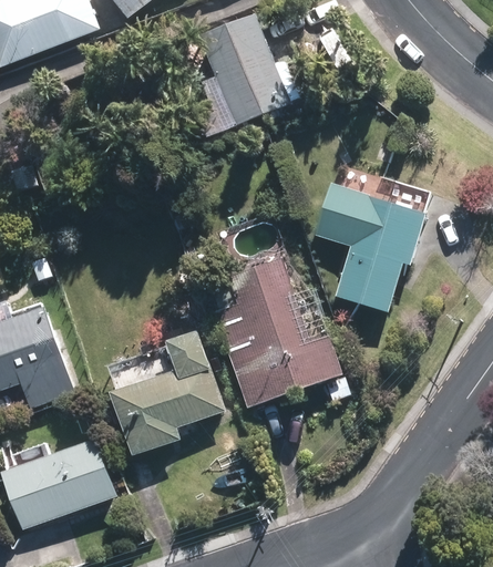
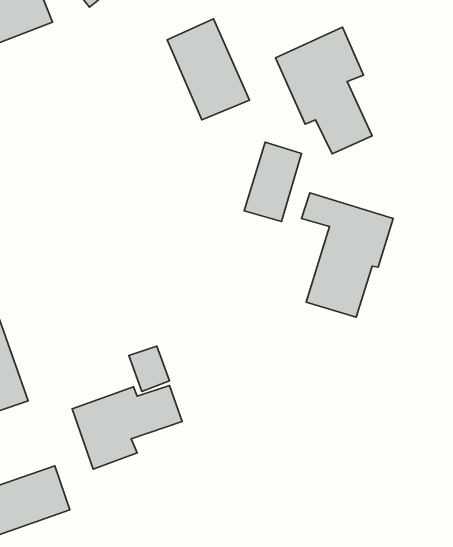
building: none -> [276,27,372,154]
building: none -> [244,142,302,221]
building: [216,265,336,403] -> none

